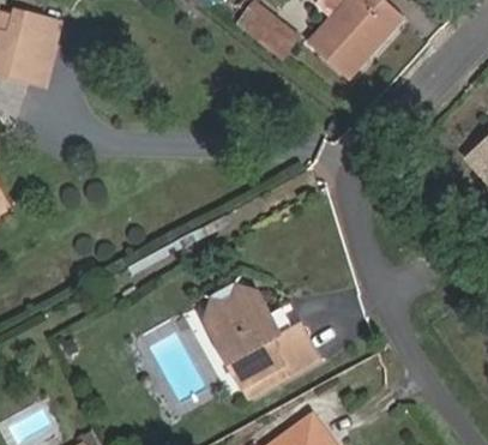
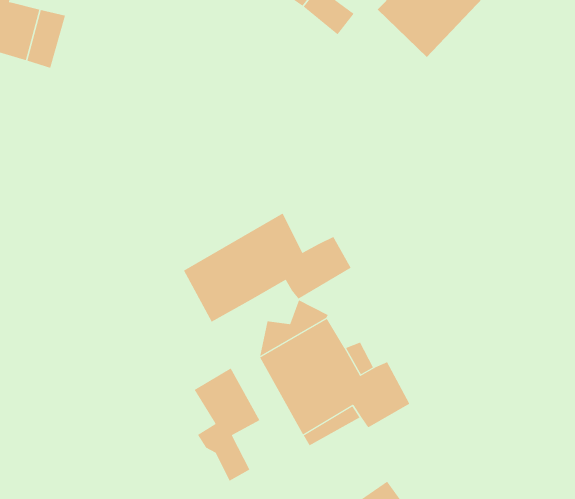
building: none -> [183,213,351,322]
building: none -> [194,368,260,482]

